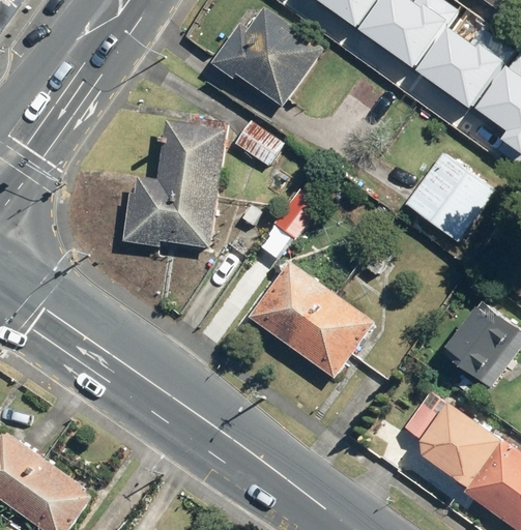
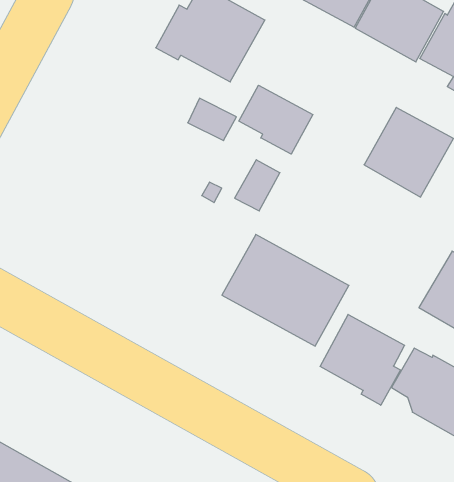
building: none -> [239,85,313,154]
building: [122,119,228,247] -> none
building: none -> [320,314,405,405]

